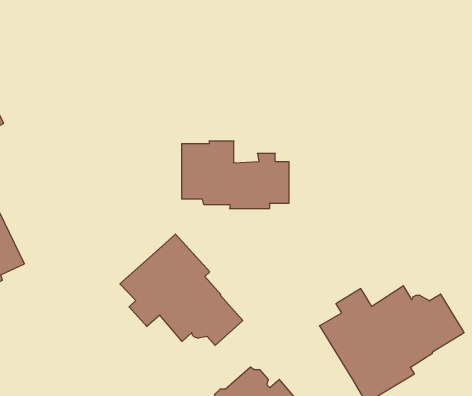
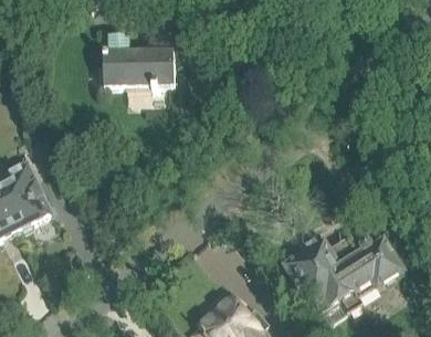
building: [182,141,289,209] -> [86,34,172,88]
building: [120,234,243,345] -> none

